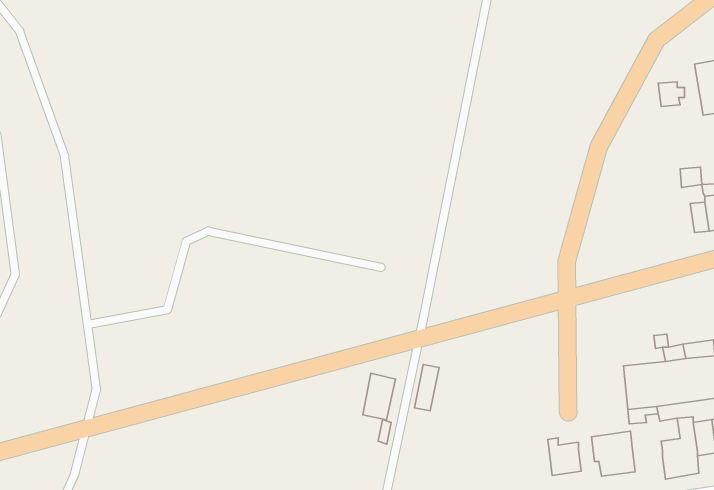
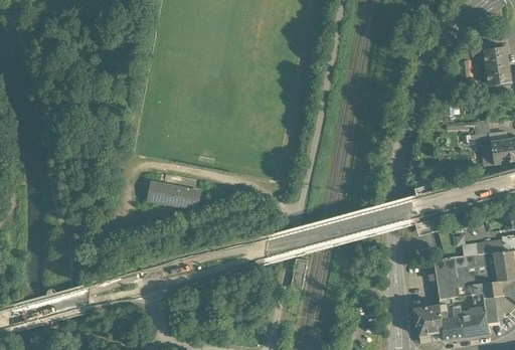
building: none -> [147,180,203,211]
building: [363,373,396,420] -> none
building: [548,438,581,476] -> [442,314,465,340]

